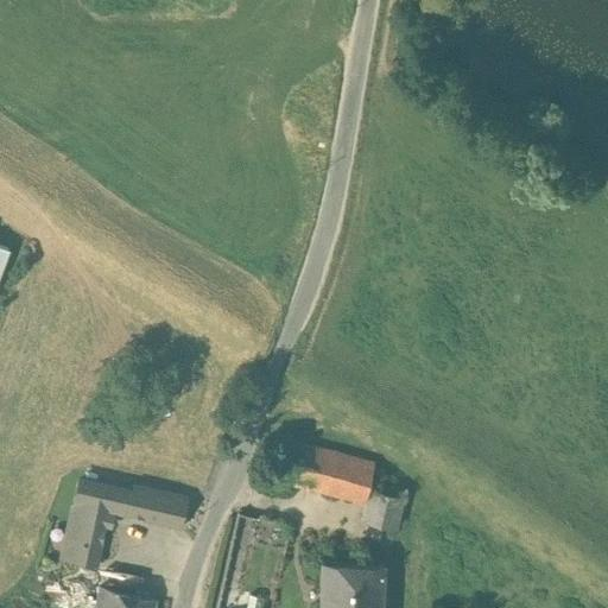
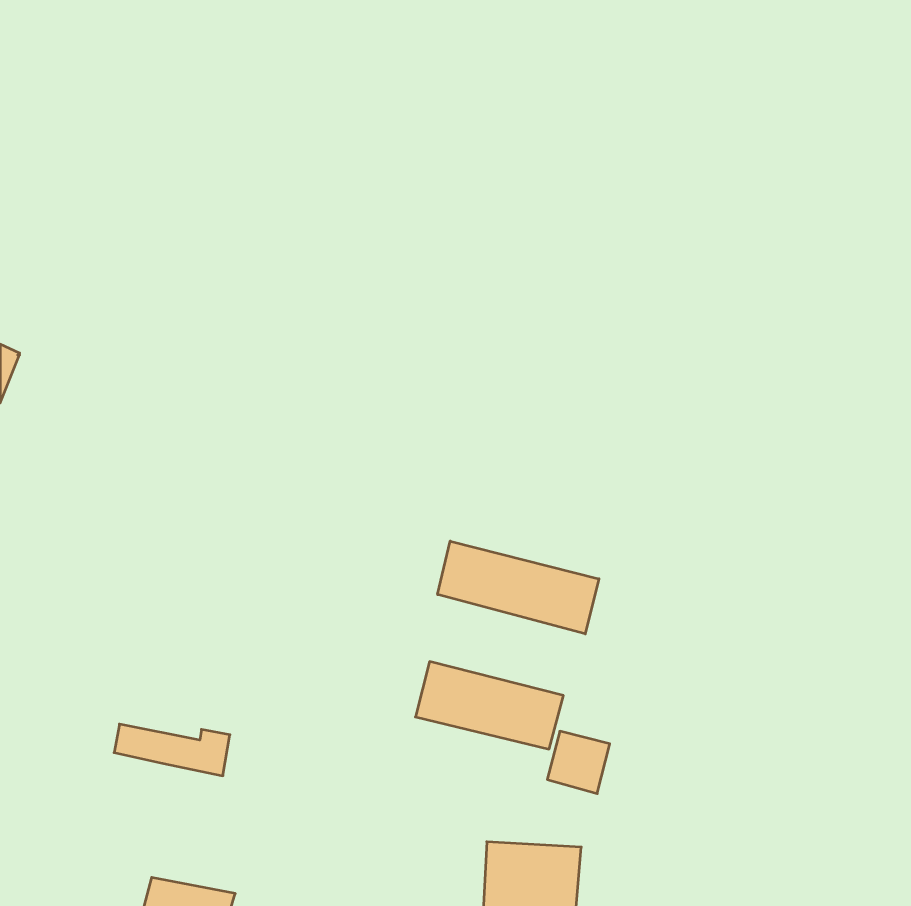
building: none -> [438,541,599,634]
building: [148,493,188,526] -> none
building: [64,505,108,566] -> none

